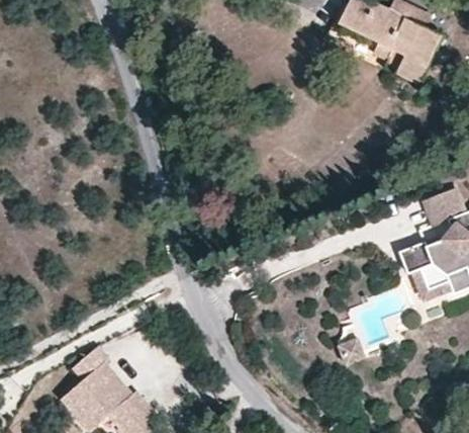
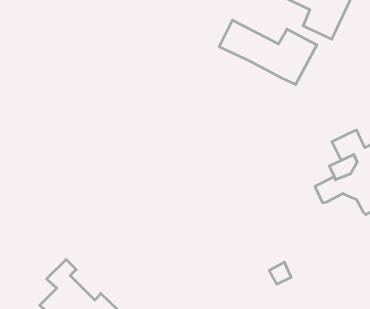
building: none -> [219,20,317,85]
building: [411,268,455,305] -> none

